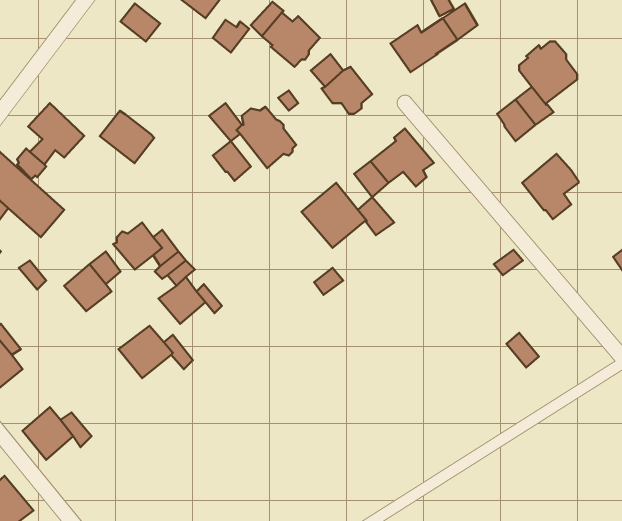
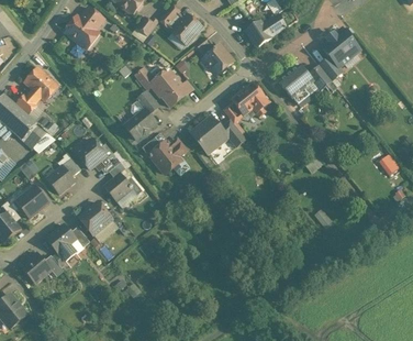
building: [100,111,154,163] -> [65,15,98,47]
building: [522,154,578,219] -> [279,64,313,103]
building: none -> [124,109,156,140]
building: none -> [142,132,187,173]
building: none -> [15,185,49,218]
building: none -> [46,224,90,261]

